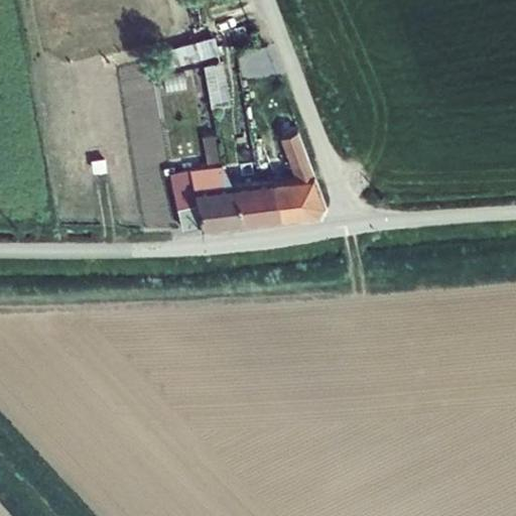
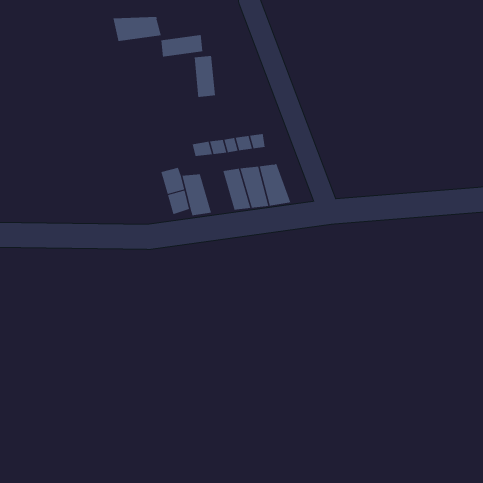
building: none -> [113,16,162,42]
building: [278,136,331,219] -> none
building: [212,185,247,230] -> none

